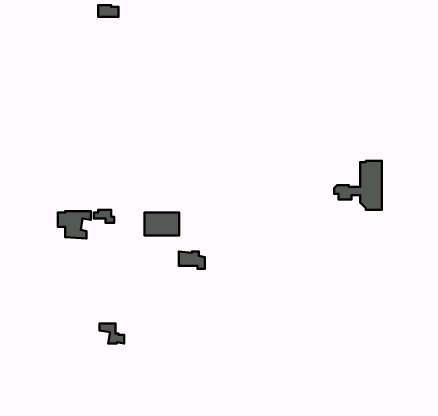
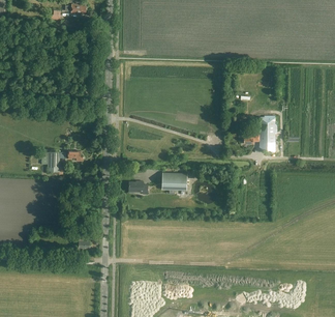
building: [144,212,179,236] -> [162,173,187,190]

